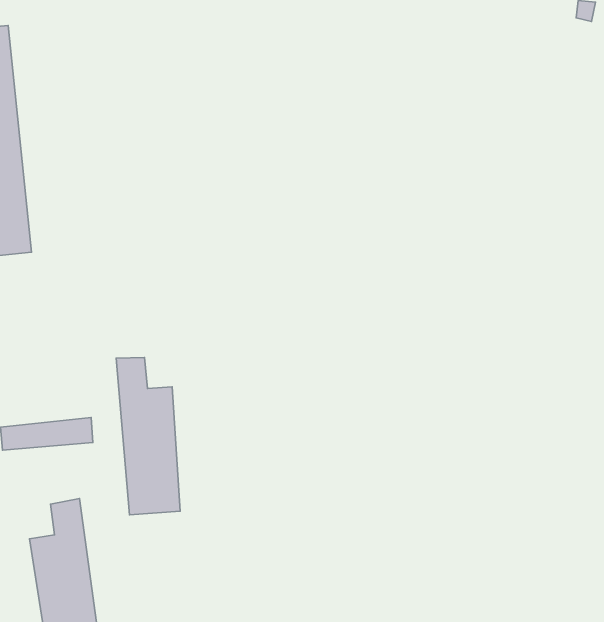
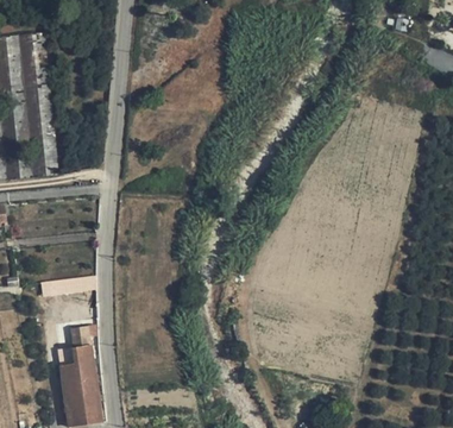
building: [116,357,180,515] -> none

